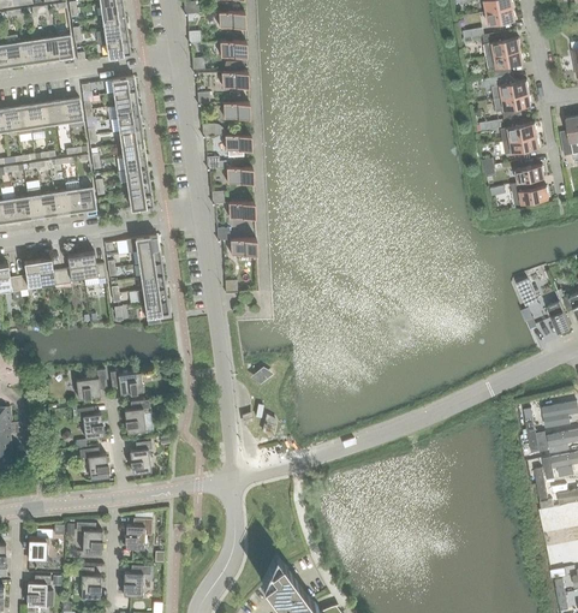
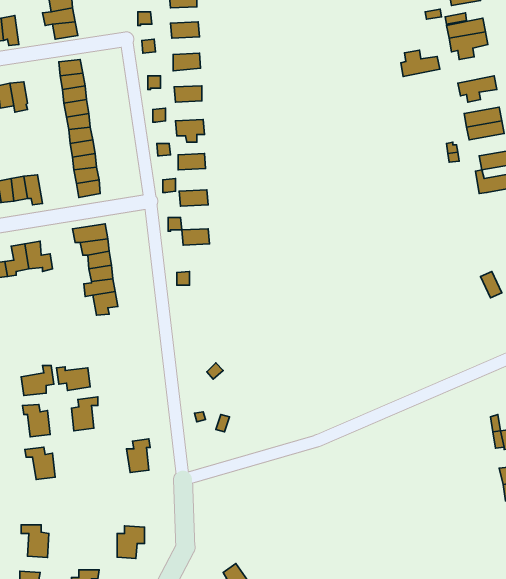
building: [491,75,529,100] -> [401,50,440,77]
building: [129,441,151,474] -> [126,439,150,473]
building: [125,518,151,549] -> [117,526,145,559]

